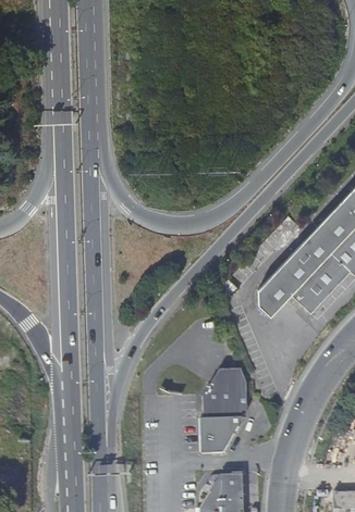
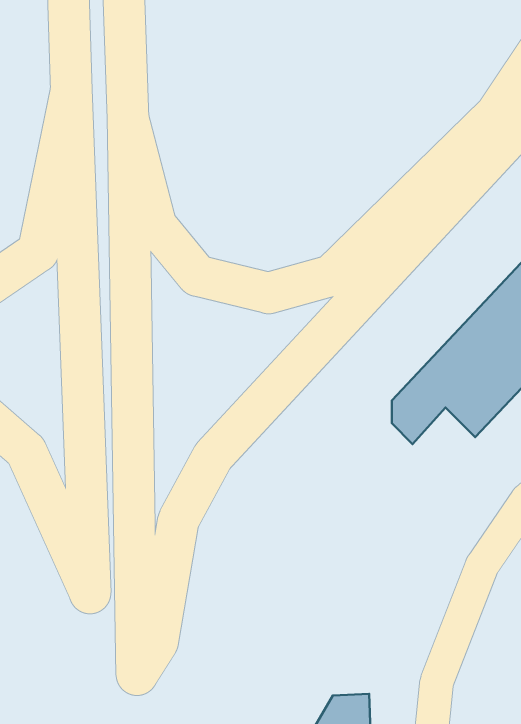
building: [201,369,248,452] -> none

